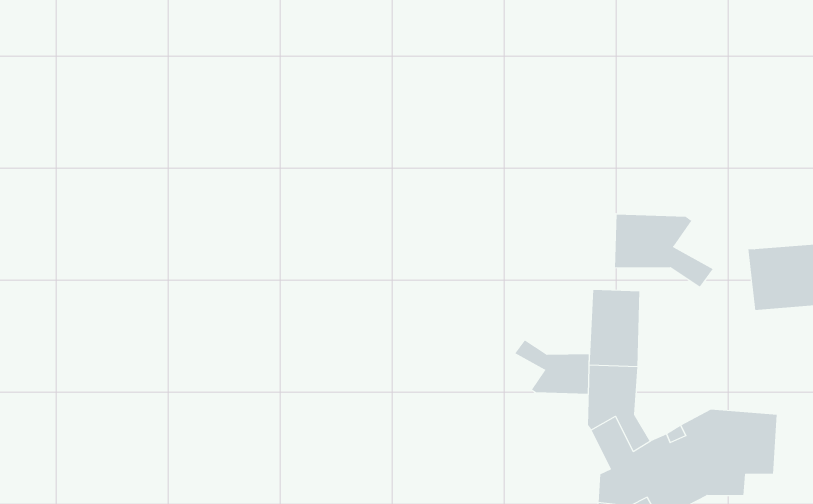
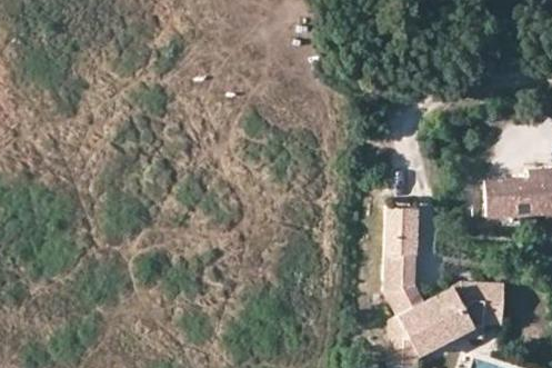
building: [615,214,714,287] -> none
building: [515,340,589,394] -> none

